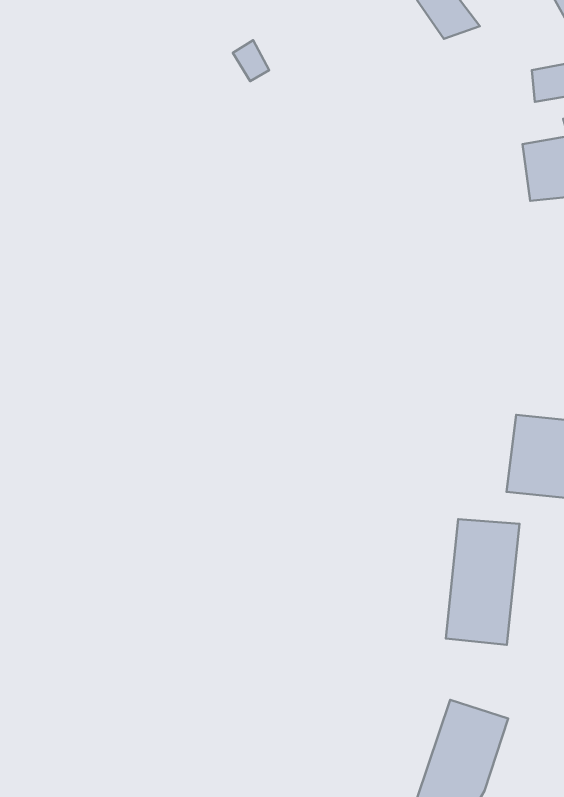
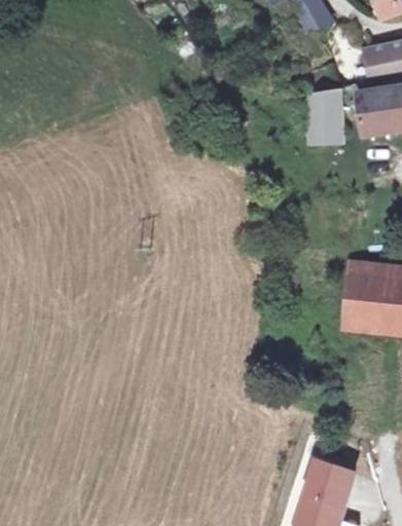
building: none -> [305,89,341,149]
building: [446,519,519,645] -> none

